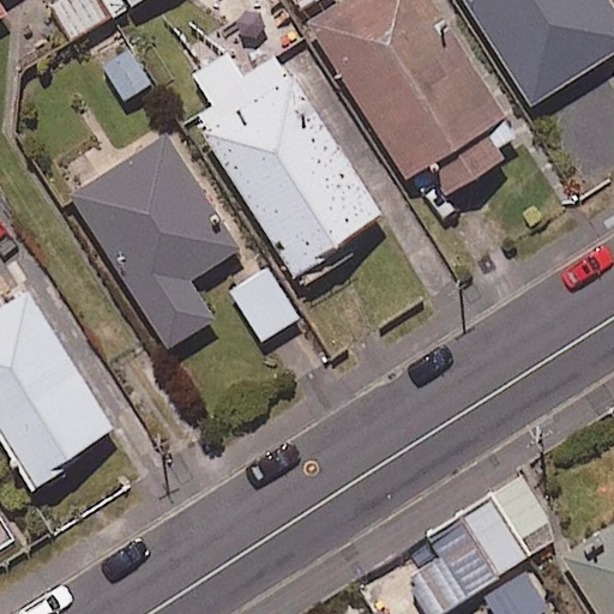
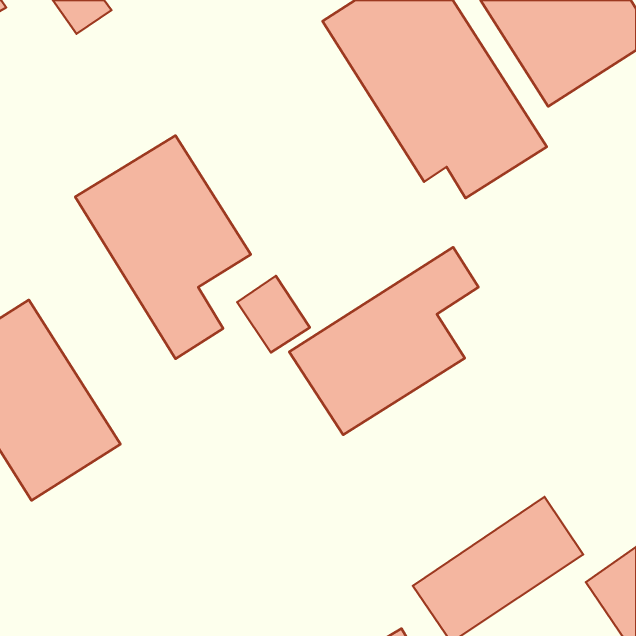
building: [191,53,383,271] -> none
building: none -> [289,247,478,435]

